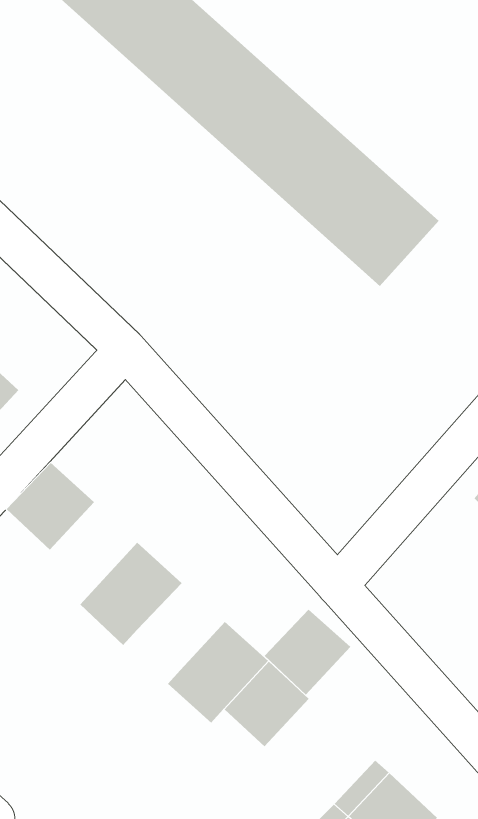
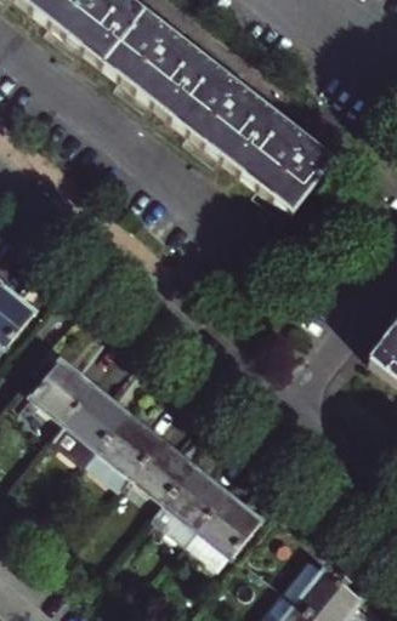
building: none -> [53,384,129,465]
building: [264,609,351,695] -> [134,439,197,502]

